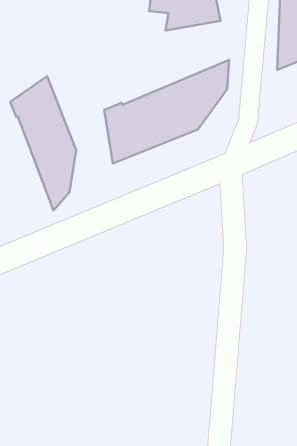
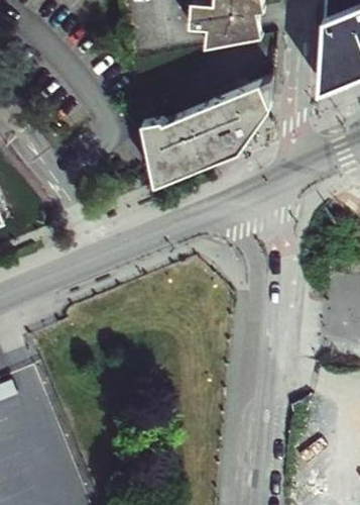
building: [10,76,76,211] -> none

